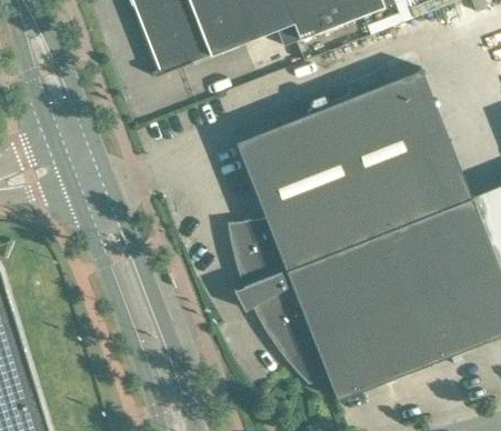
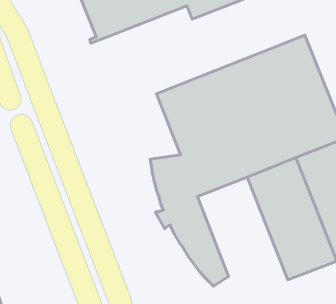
building: [287,245,400,400] -> none

